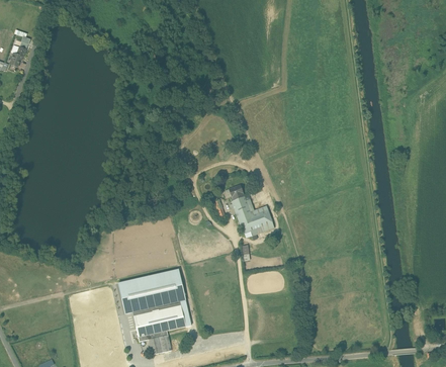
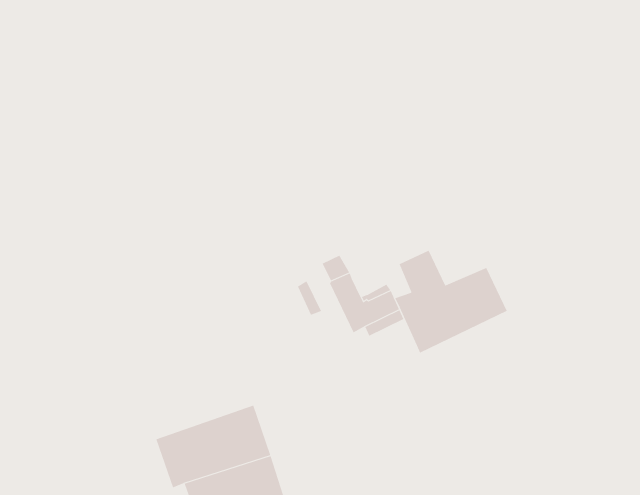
building: none -> [394,250,508,353]

